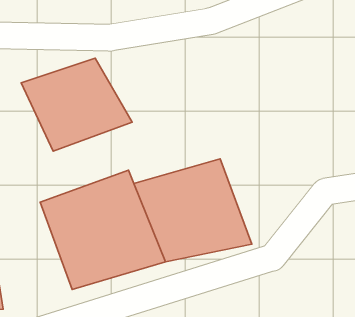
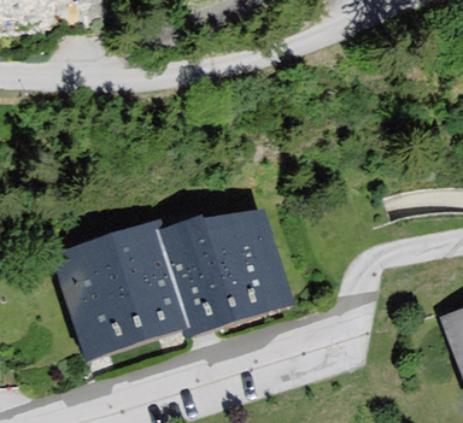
building: [21,58,132,151] -> none

